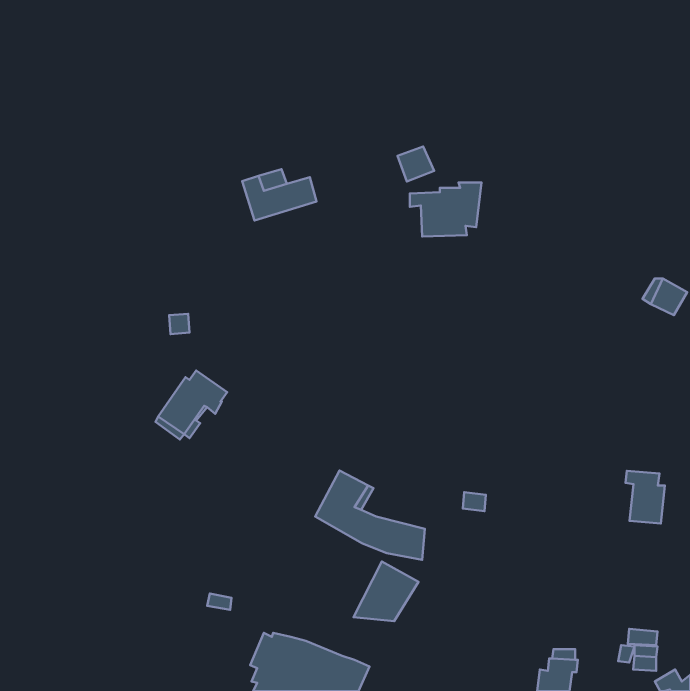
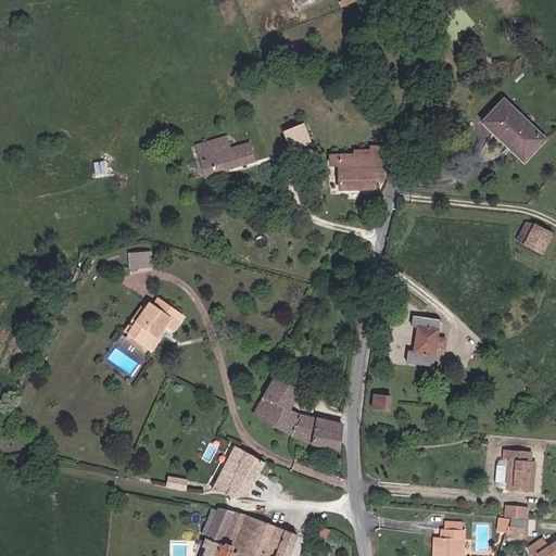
building: none -> [483,101,543,161]
building: [397,146,434,182] -> [282,124,312,152]
building: none -> [406,317,445,366]
building: [626,471,665,524] -> [503,450,534,492]
building: [353,562,418,621] -> [212,446,264,494]

